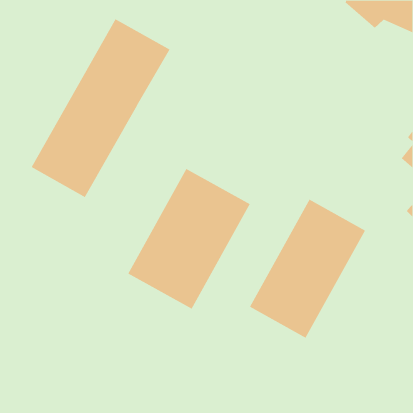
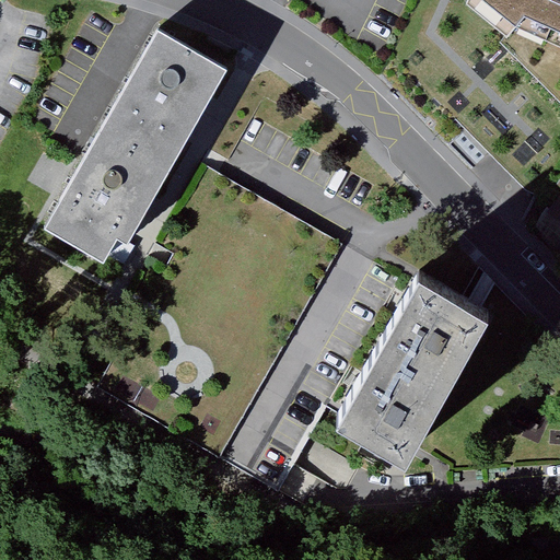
building: [127,168,251,310] -> none

